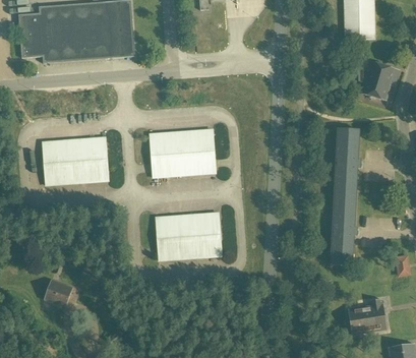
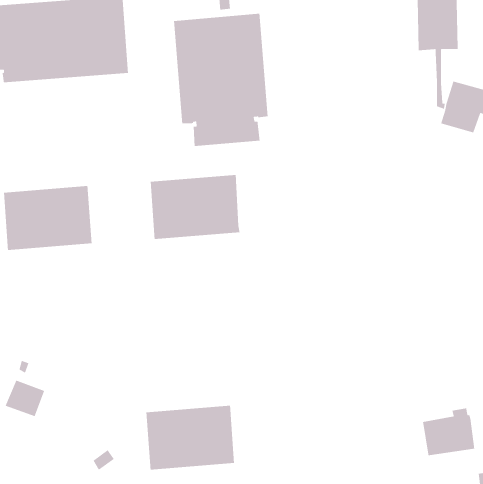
building: none -> [173,13,269,147]
building: [331,128,360,265] -> none
building: [156,213,221,260] -> [146,405,235,470]

